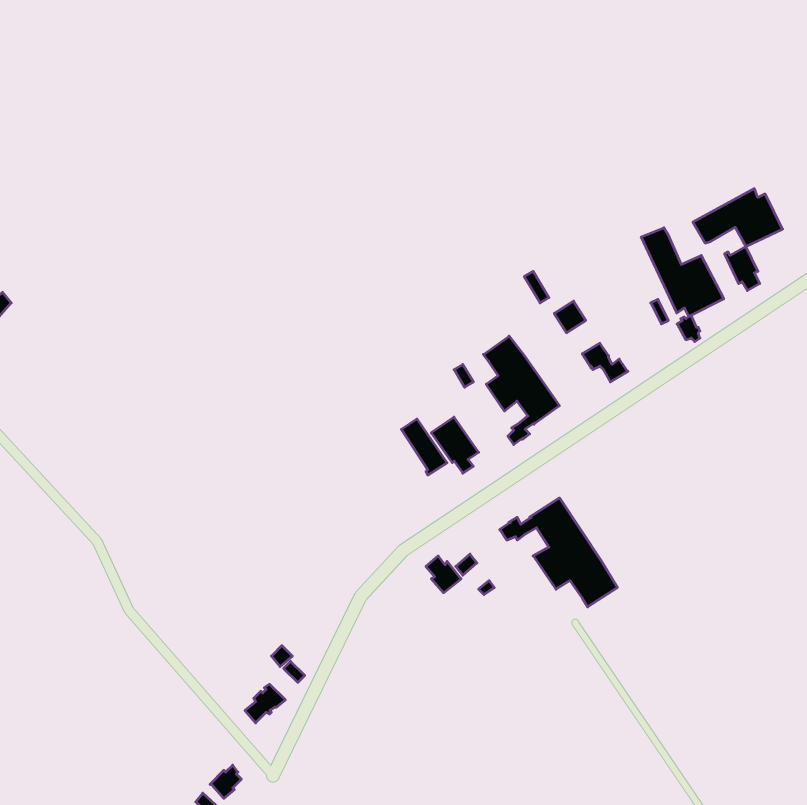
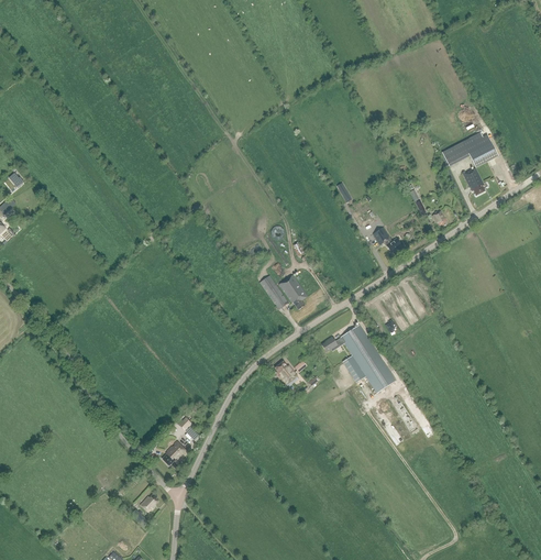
building: [641,228,724,316] -> none
building: [483,336,559,445] -> none

